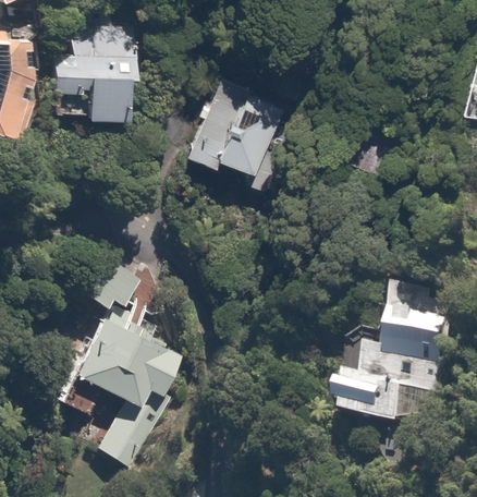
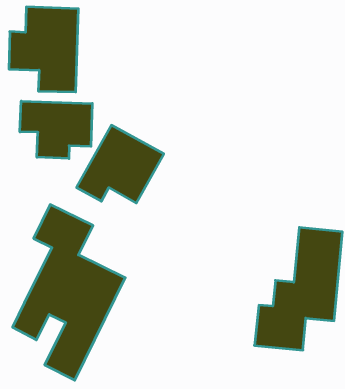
building: [187,75,291,168] -> [77,125,164,203]
building: none -> [20,101,92,159]

